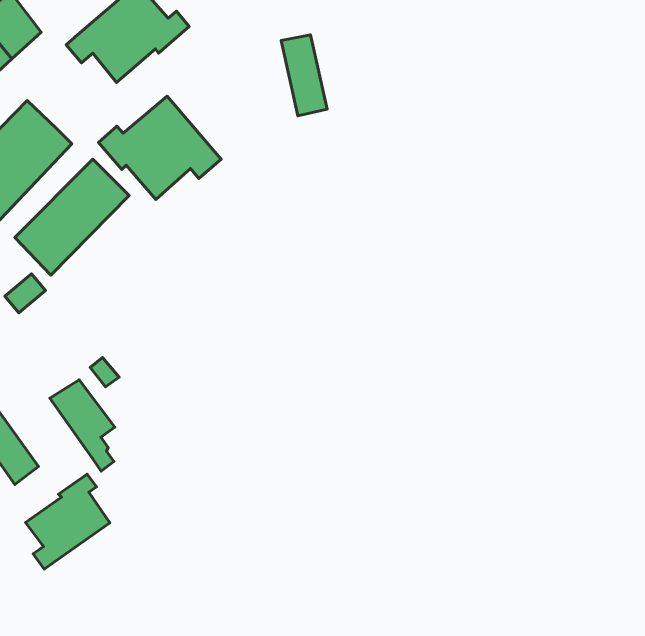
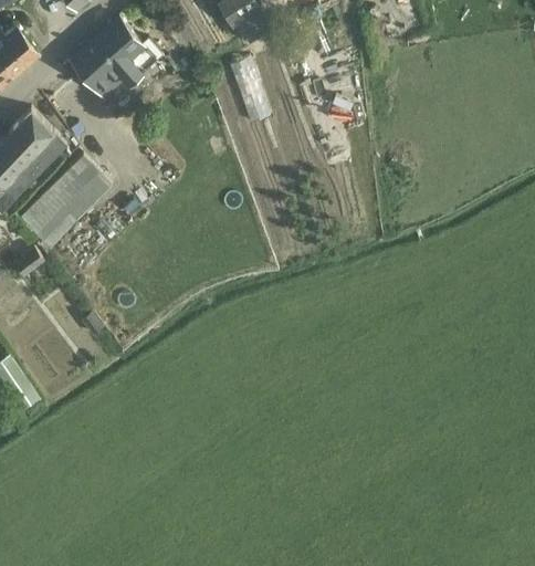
building: [99,96,221,200] -> none
building: [50,380,115,471] -> none
building: [25,474,110,569] -> none

